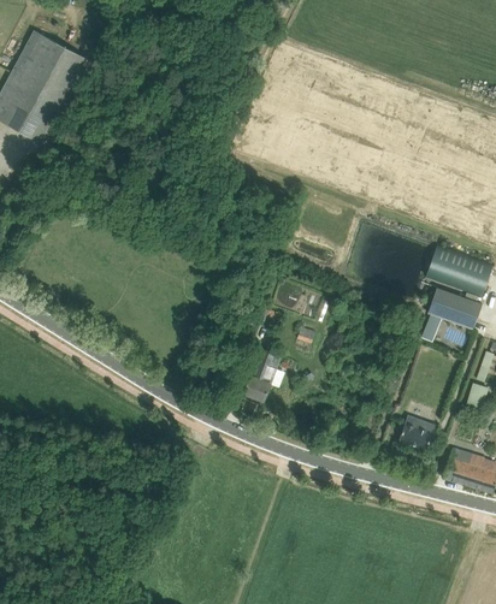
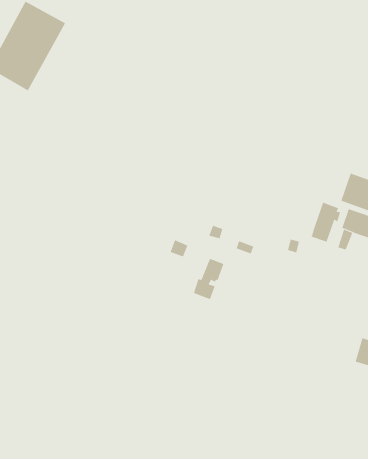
building: none -> [311,202,341,243]
building: [398,415,435,449] -> none

